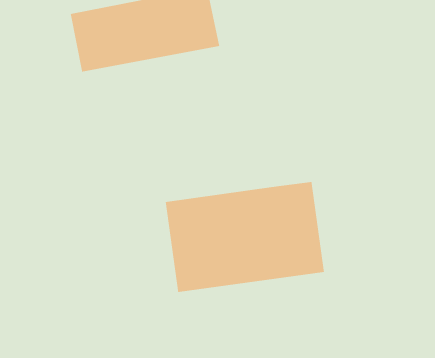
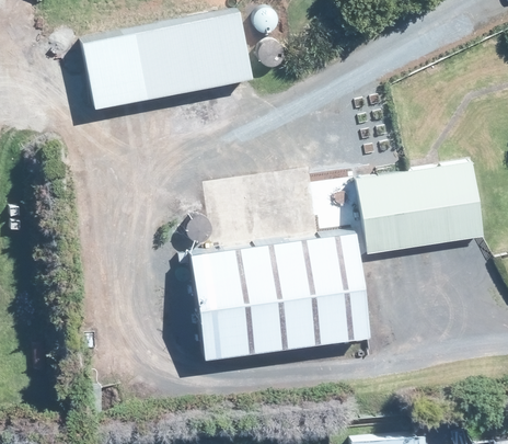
building: none -> [356,163,482,253]

